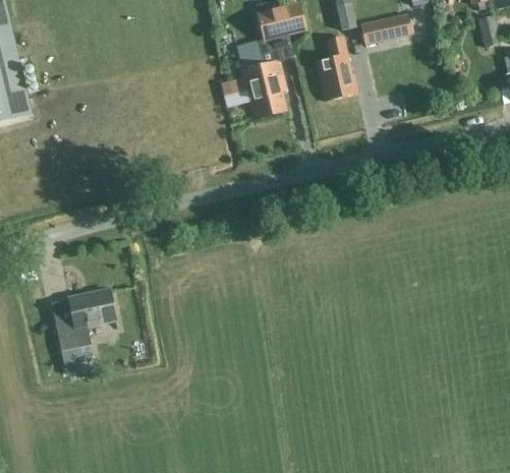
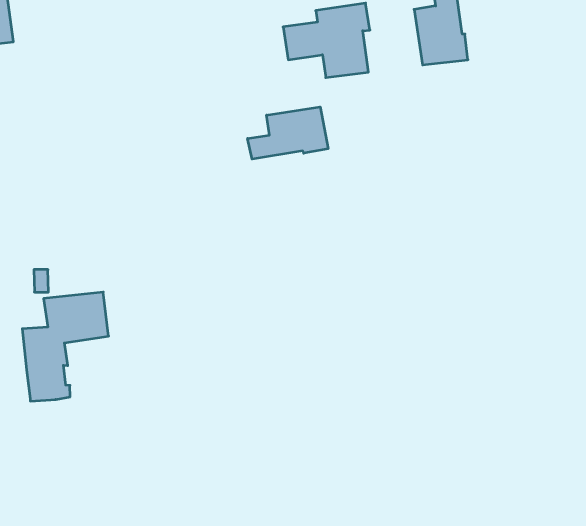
building: none -> [248,107,328,159]

